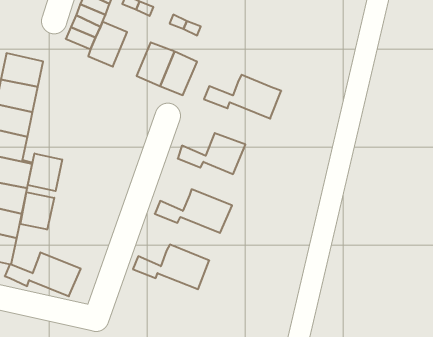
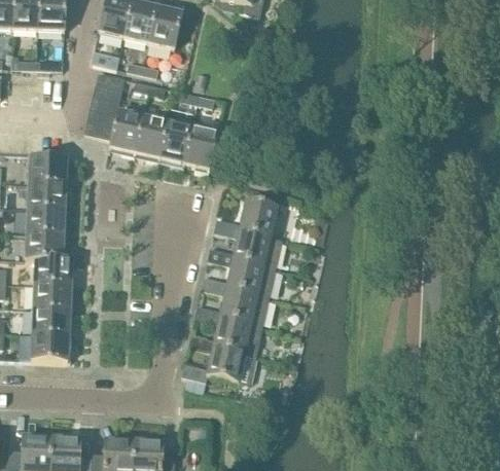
building: none -> [135,114,168,155]
building: [204,75,281,119] -> [206,228,280,266]
building: [28,153,62,191] -> none
building: [20,192,54,230] -> none
building: none -> [193,286,266,324]
building: [5,252,81,296] -> [181,345,254,383]

